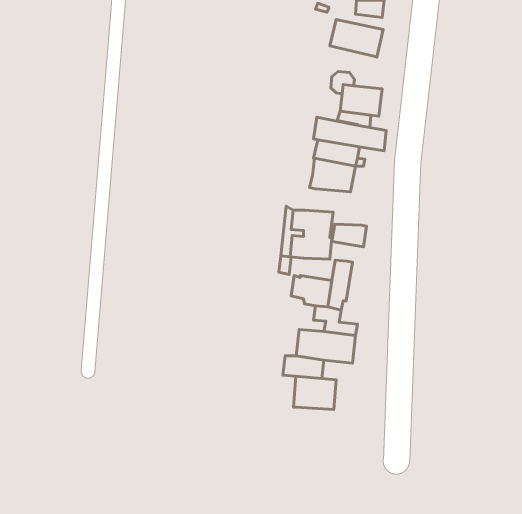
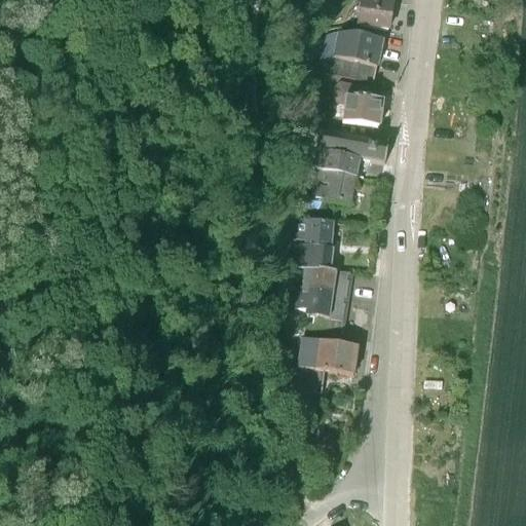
building: none -> [320,25,376,79]
building: [332,224,367,247] -> [302,267,337,290]
building: [293,376,336,410] -> none

